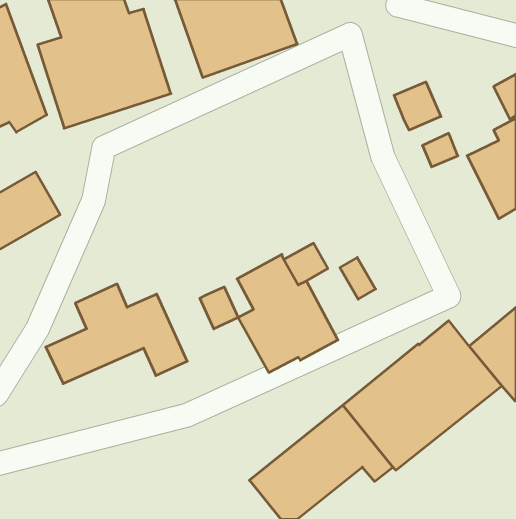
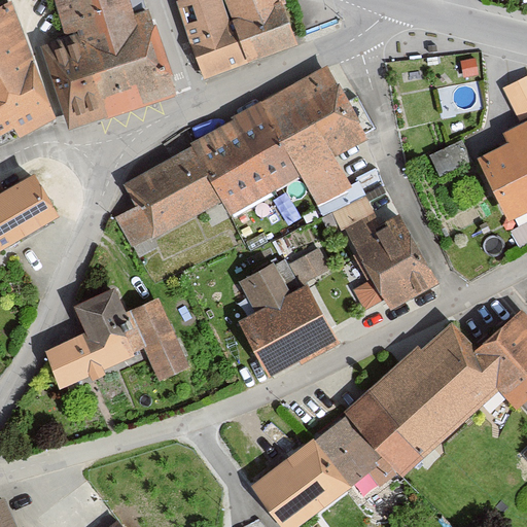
building: none -> [113,65,371,256]
building: [394,82,441,130] -> none
building: none -> [331,195,442,311]
building: [200,287,238,329] -> none

